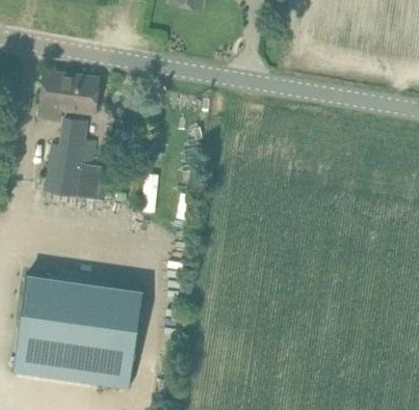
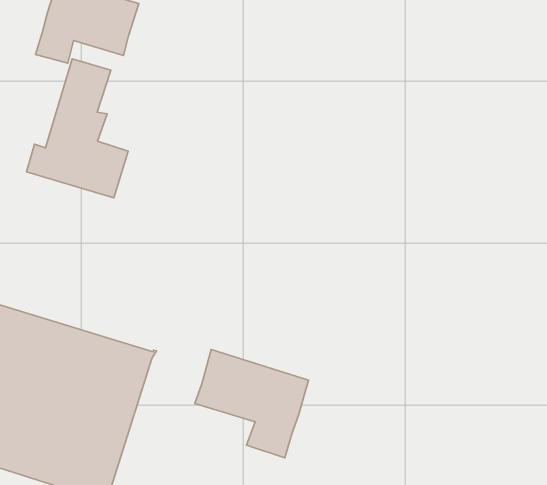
building: none -> [195,350,308,458]

